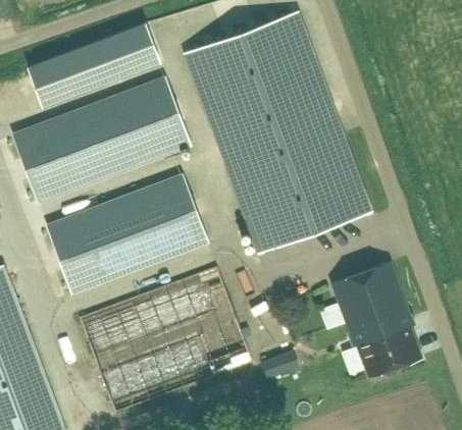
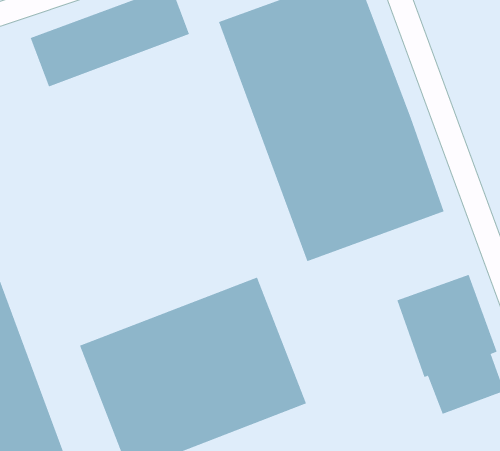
building: [13,78,190,201] -> none
building: [47,175,207,292] -> none
building: [261,351,298,378] -> none

